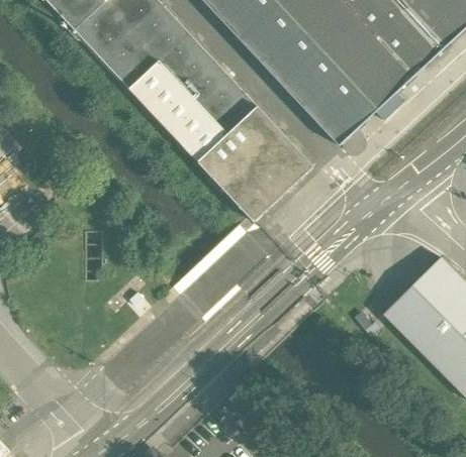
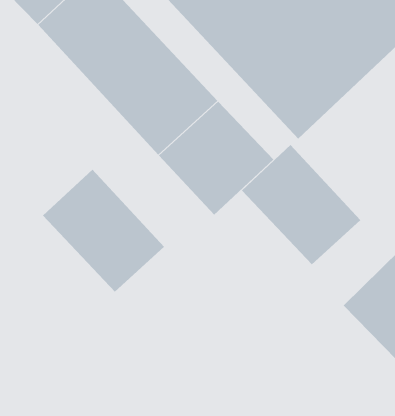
building: none -> [241,144,361,265]
building: none -> [42,169,165,292]

